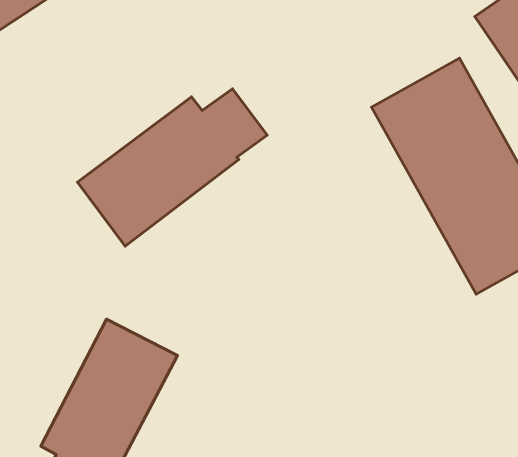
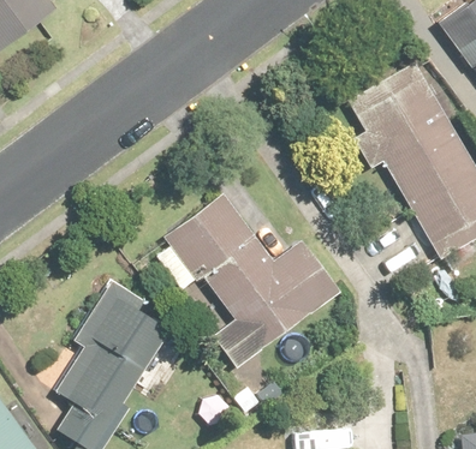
building: [78,89,267,246] -> none
building: none -> [148,200,317,373]

